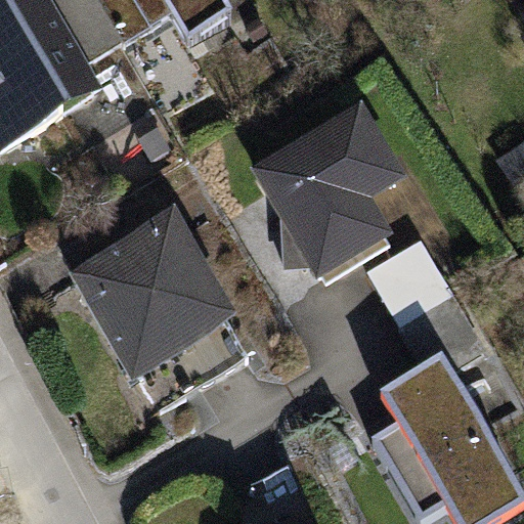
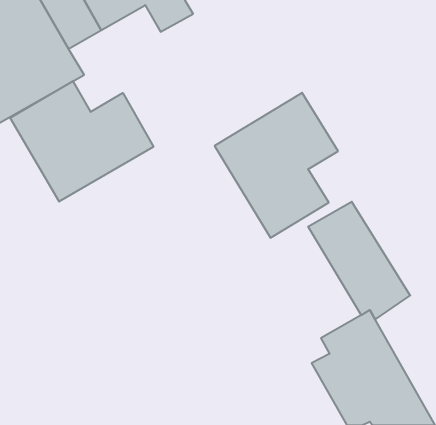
building: none -> [10,81,153,202]
building: [69,212,241,399] -> none

